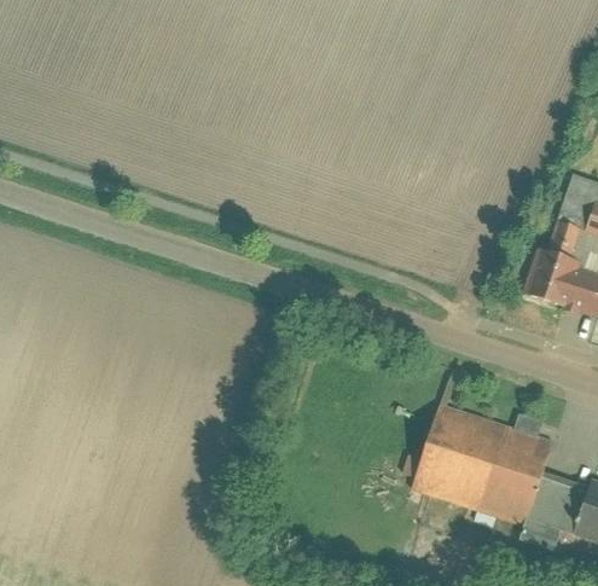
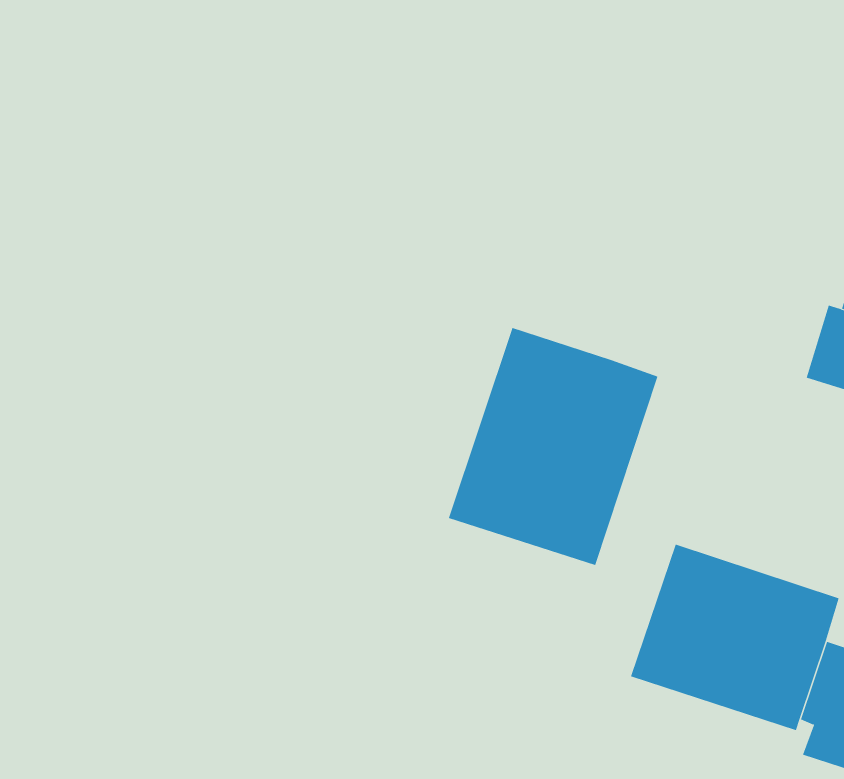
building: none -> [448,327,658,566]

